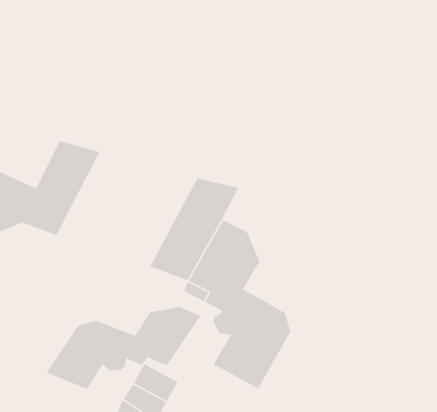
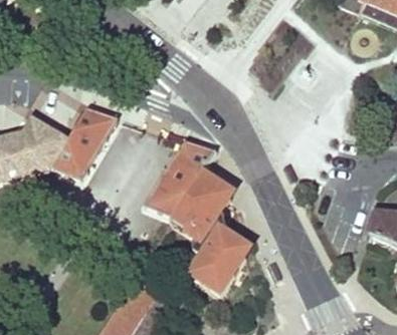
building: [45,306,202,390] -> none

